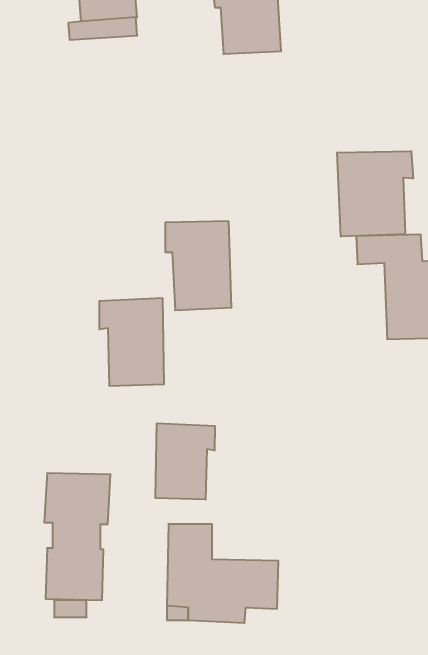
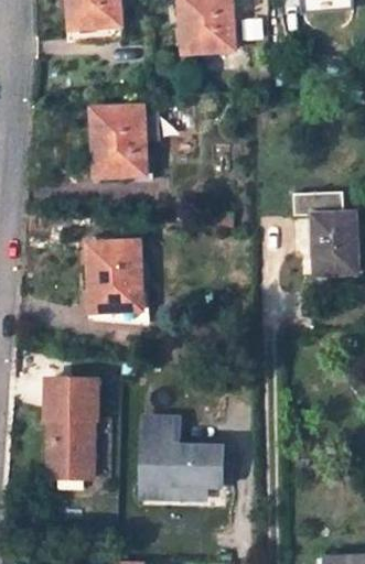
building: [337,151,413,237] -> none
building: [165,221,232,310] -> [93,106,144,175]
building: [155,423,215,500] -> none

